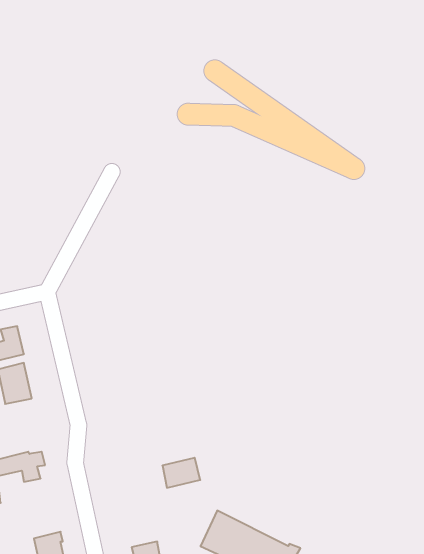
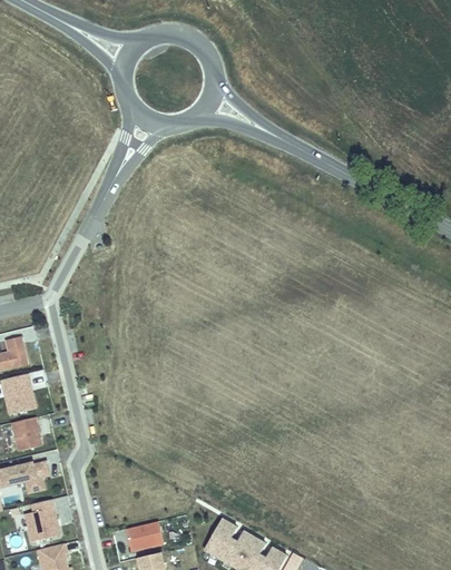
building: none -> [10,416,40,450]
building: [162,458,200,488] -> [125,520,163,550]
building: none -> [23,498,59,541]

